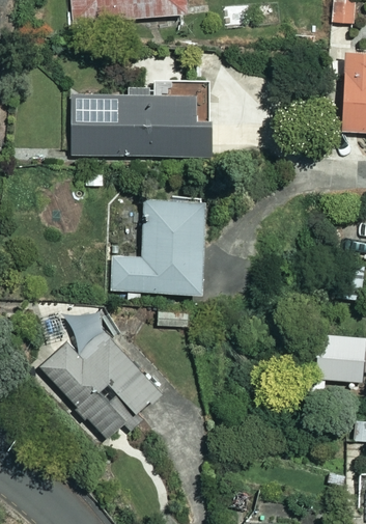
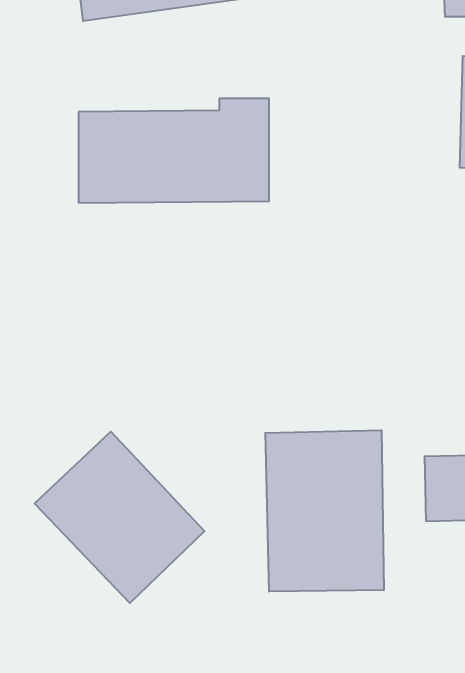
building: [113,199,201,293] -> none
building: none -> [265,430,384,592]

